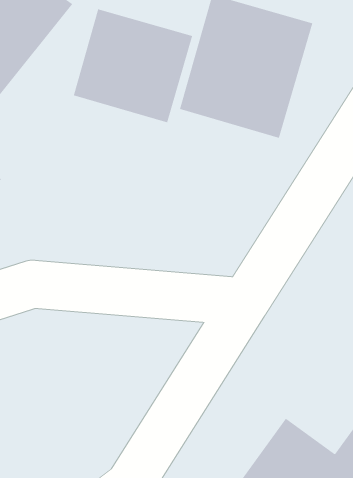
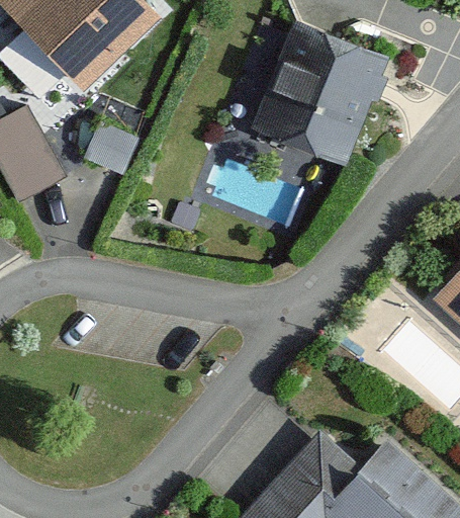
building: [73,9,193,123] -> none

